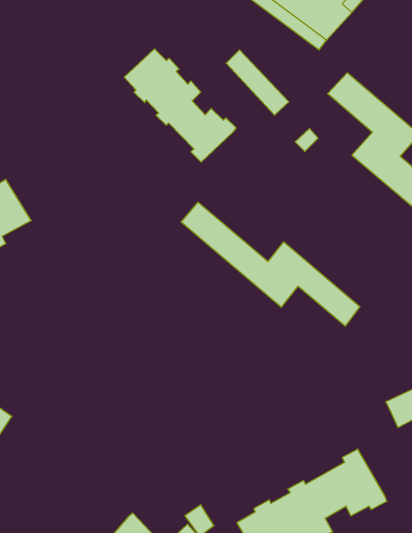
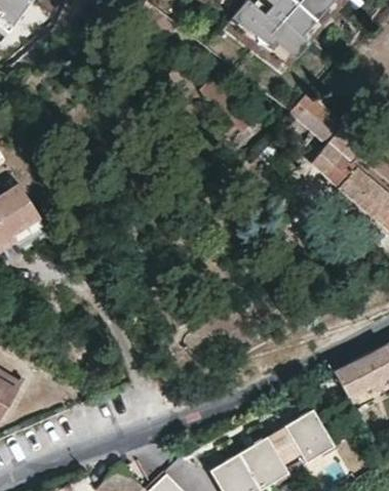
building: [124,49,236,162] -> none
building: [181,202,360,326] -> none

